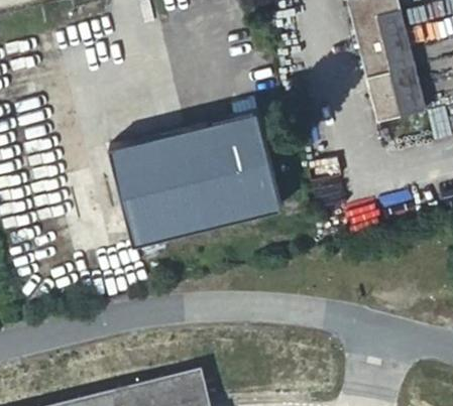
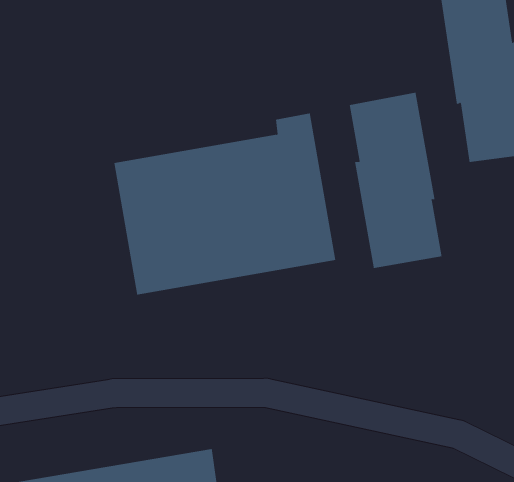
building: none -> [349,92,442,269]

